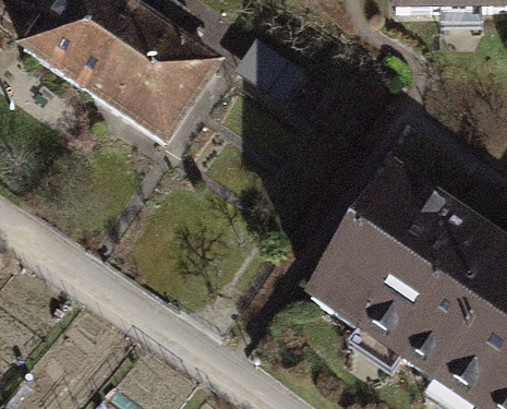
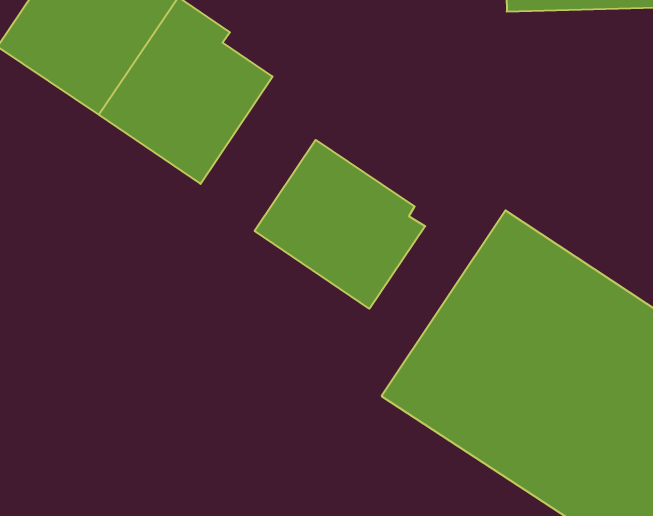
building: none -> [255,140,425,309]

